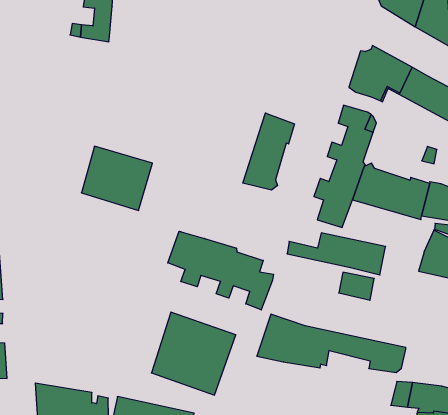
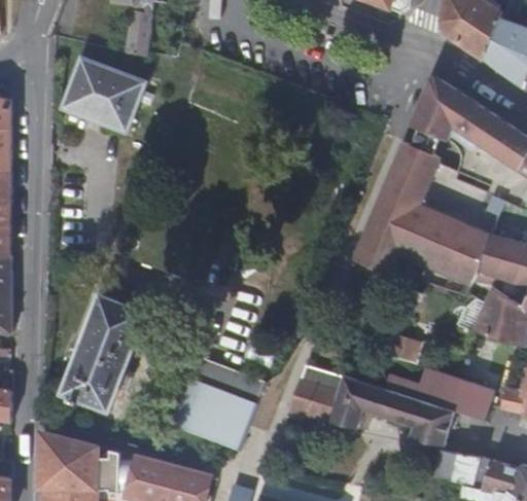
building: [243,113,294,190] -> none
building: [81,146,152,211] -> [63,57,143,131]
building: [168,231,273,310] -> none
building: [287,233,386,275] -> [383,374,492,425]
building: none -> [61,291,146,409]

